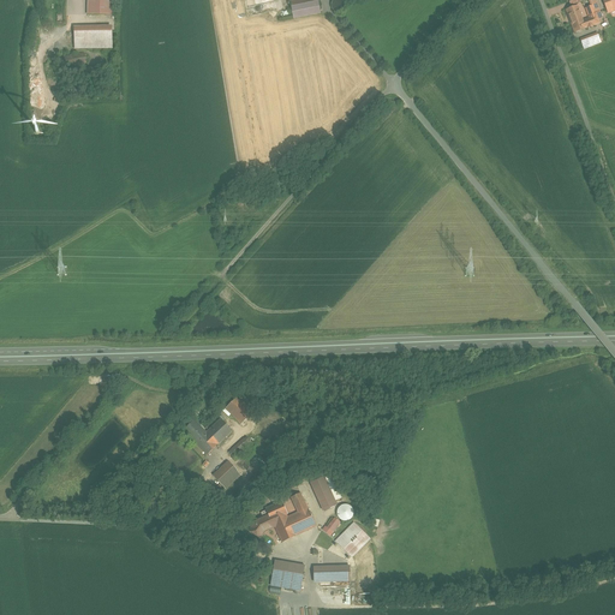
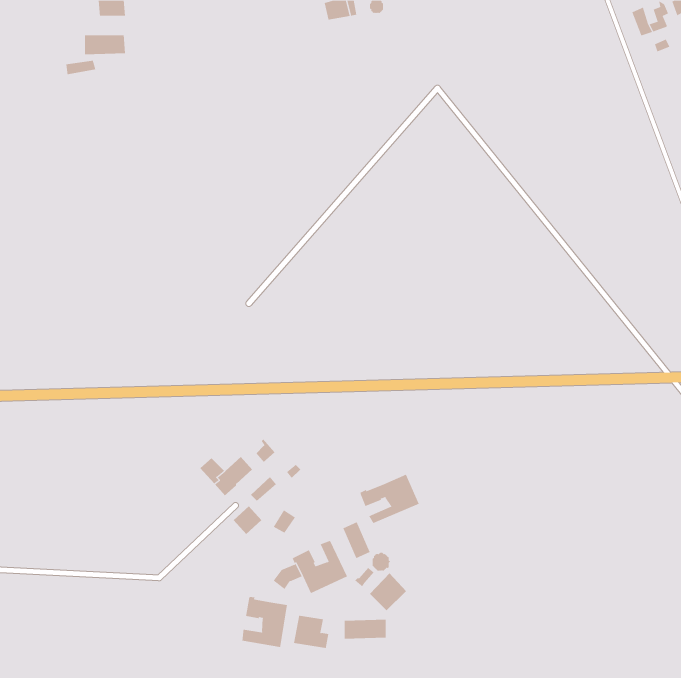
building: none -> [358,474,420,524]
building: none -> [242,596,288,648]

